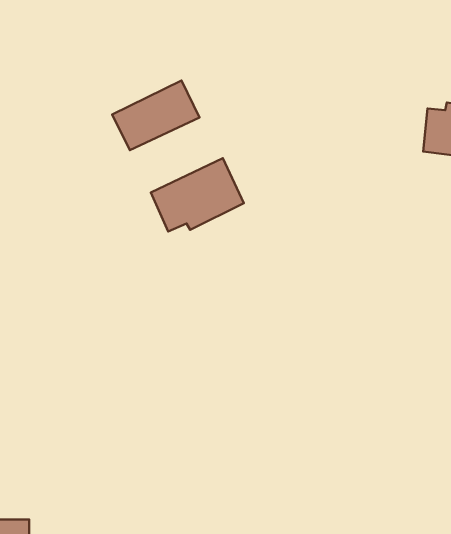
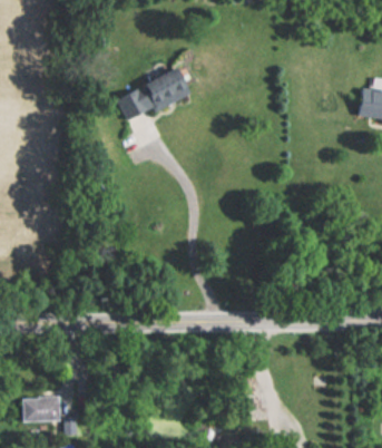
building: [151,158,244,231] -> none

